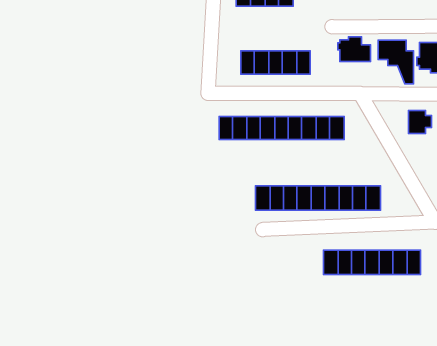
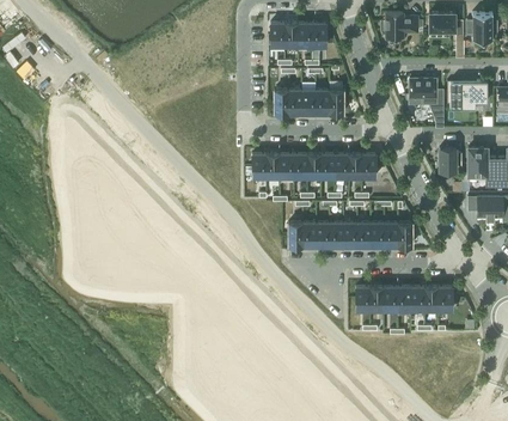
building: [338,37,370,62] -> none

